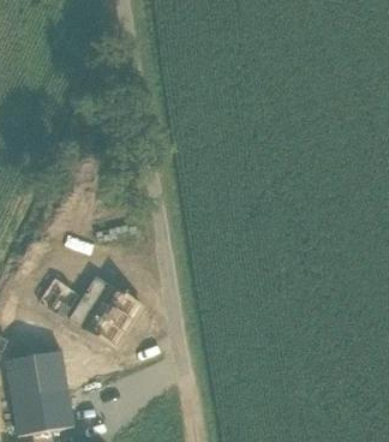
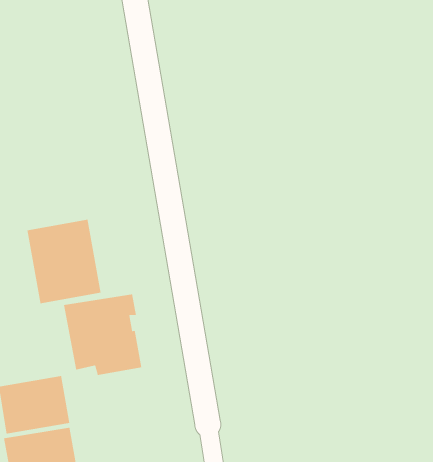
building: none -> [27,219,101,304]

